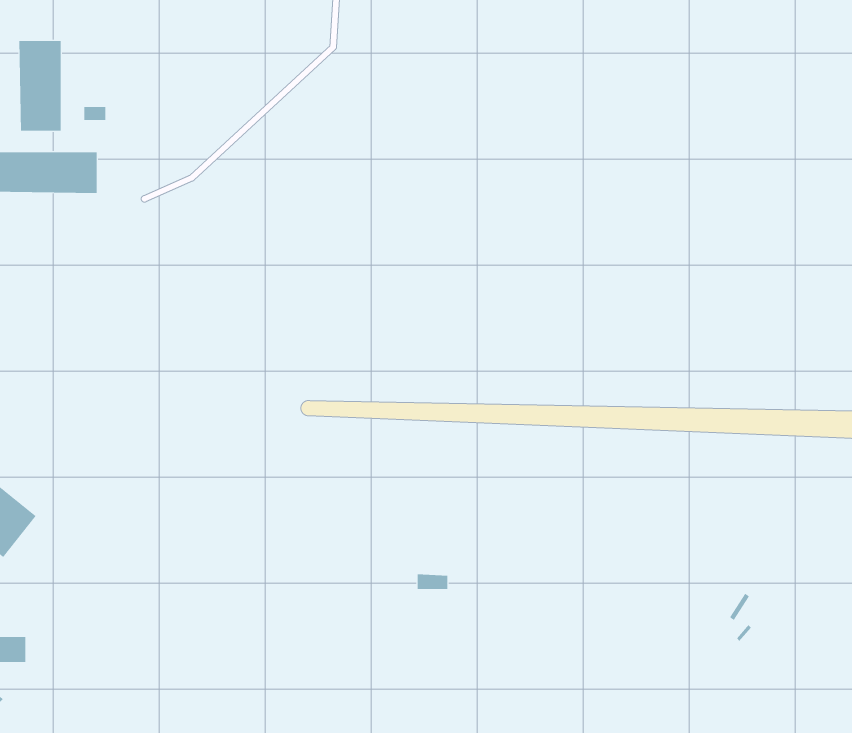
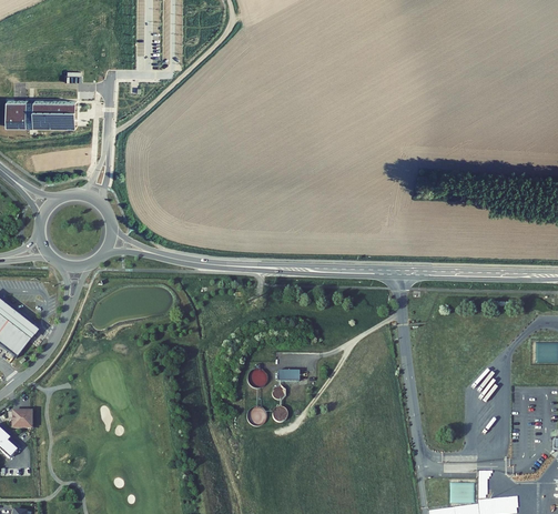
building: [19,40,61,131] -> none

